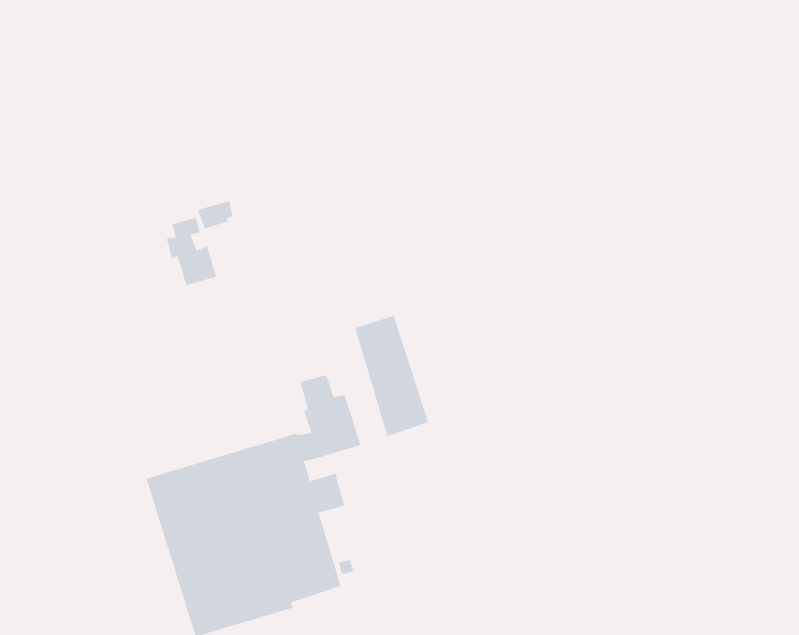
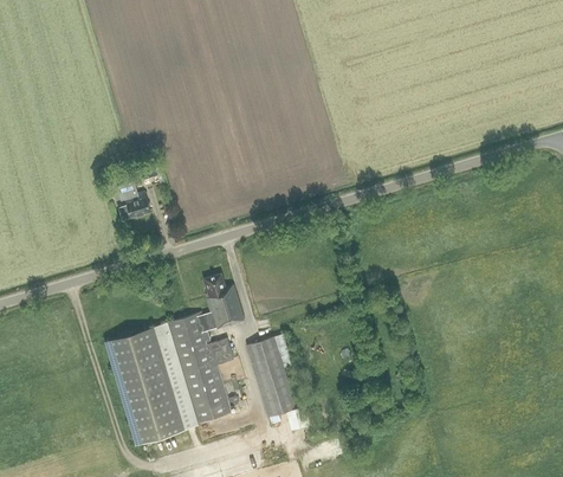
building: [354,315,429,437] -> [248,337,297,417]

